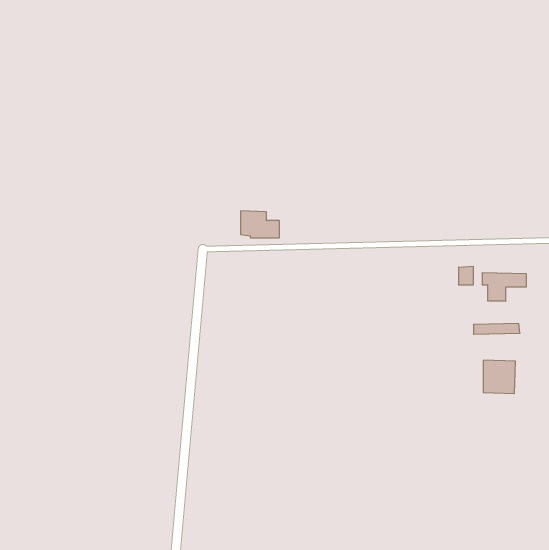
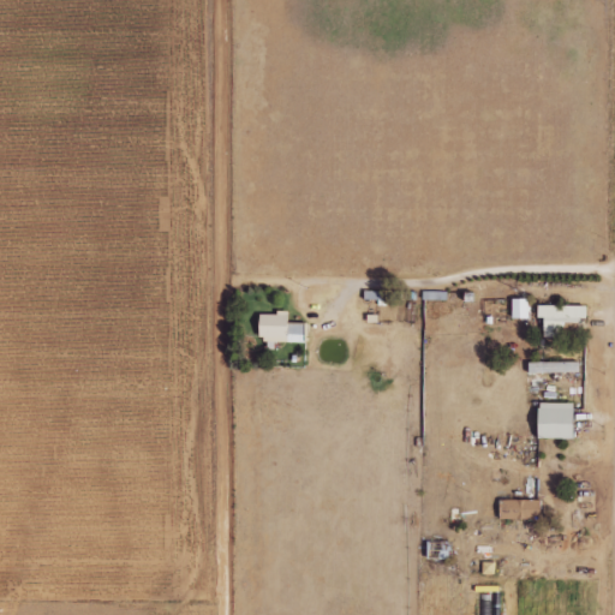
building: [241,211,279,238] -> [259,311,303,341]
building: none -> [498,498,541,519]

